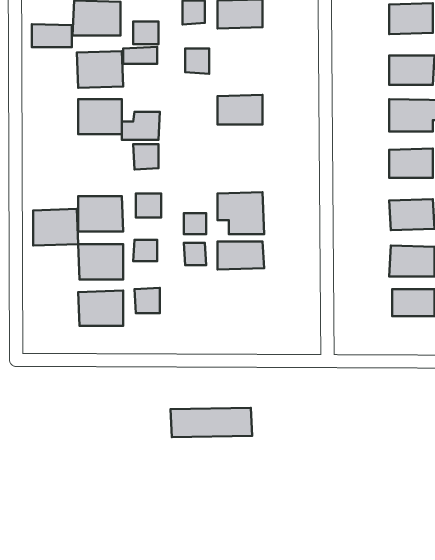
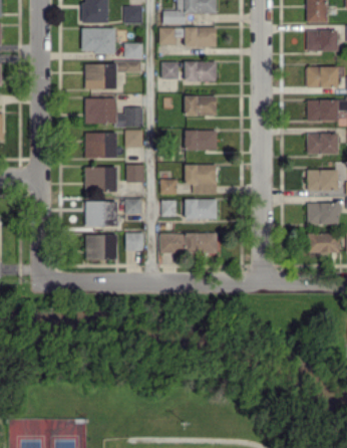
building: [32,24,72,47] -> none
building: none -> [185,61,217,81]
building: none -> [186,130,217,150]
building: [33,209,78,246] -> [85,132,117,158]
building: [170,408,252,437] -> [159,232,218,253]

